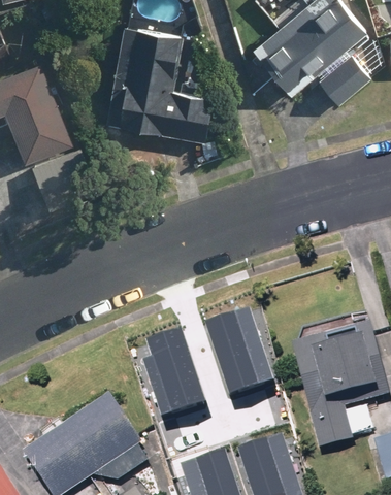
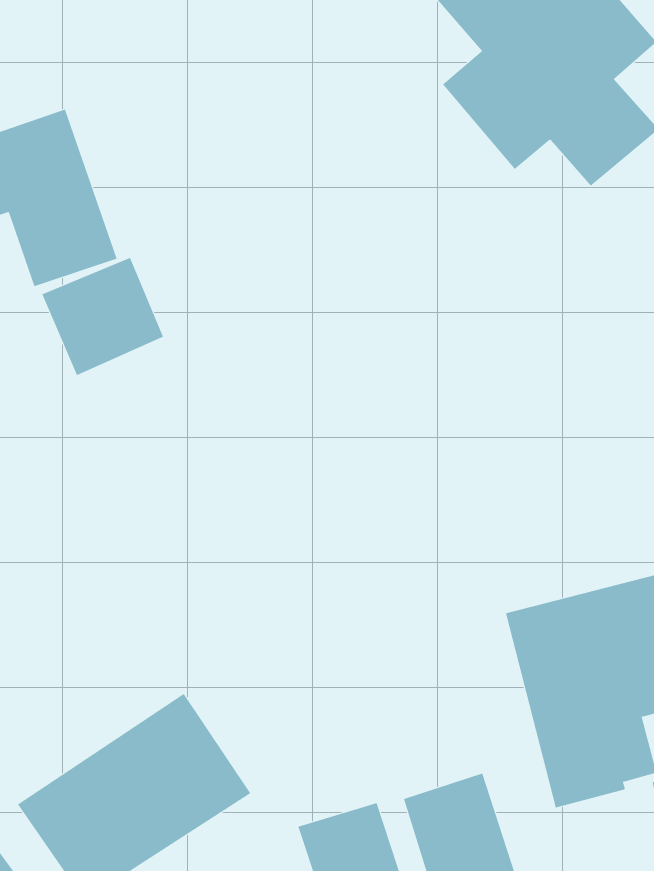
building: [110,23,222,140] -> none
building: [200,309,267,397] -> none
building: [133,328,201,416] -> none

